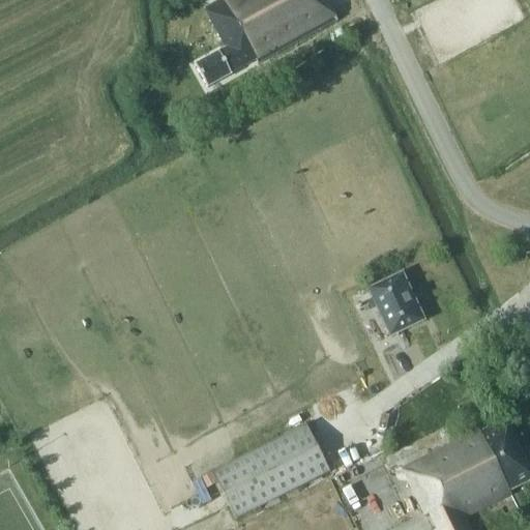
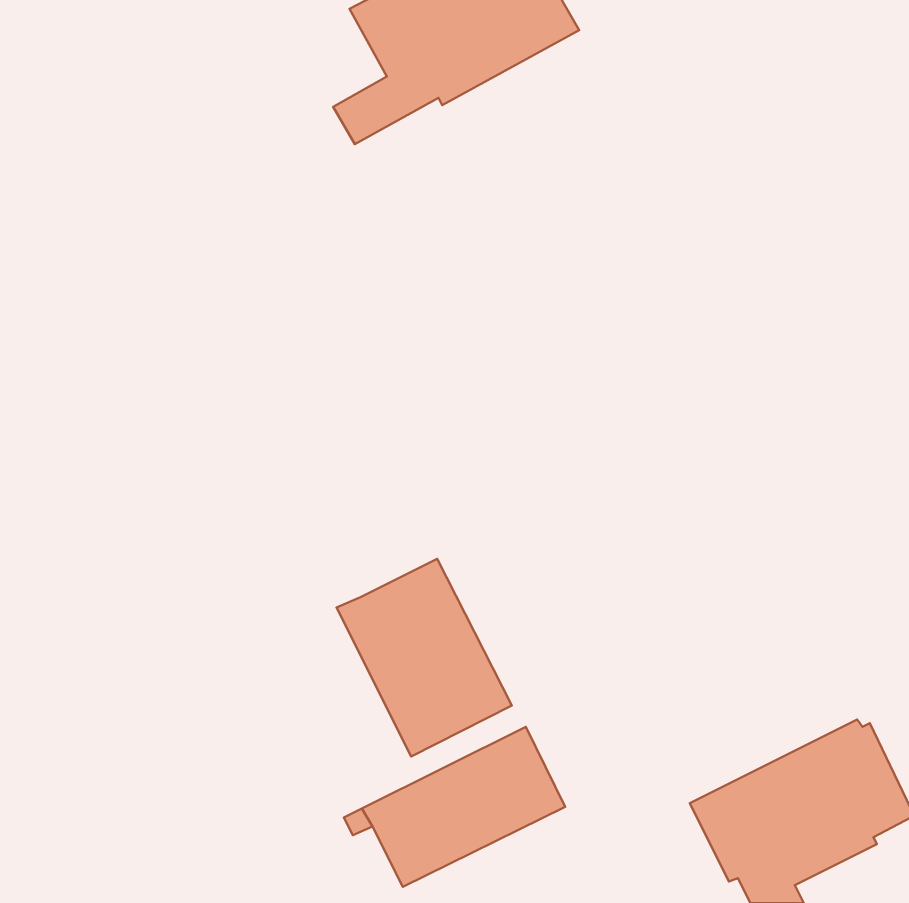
building: [366,268,426,335] -> none
building: none -> [336,559,512,757]

